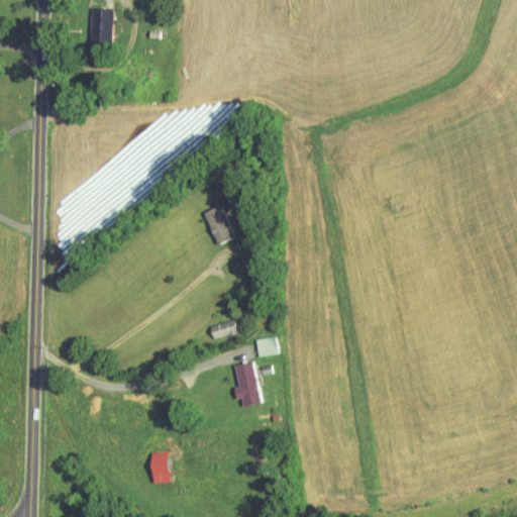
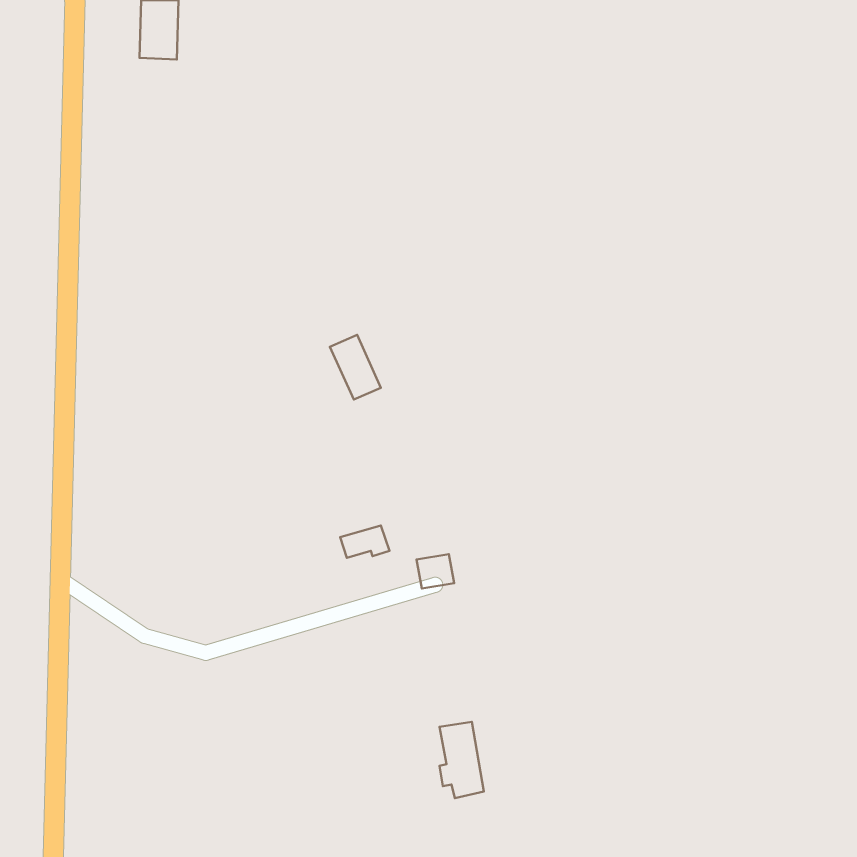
building: [234,361,261,407] -> [440,722,484,798]
building: [150,452,169,483] -> none

